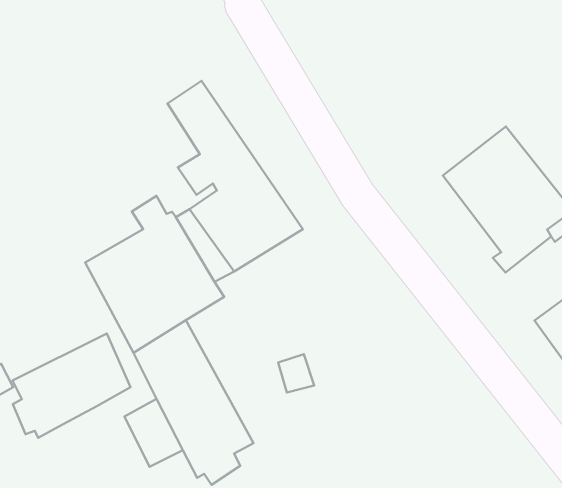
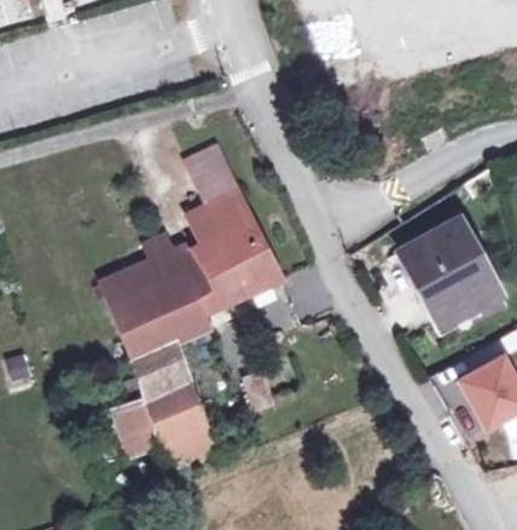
building: [12,334,130,438] -> none

